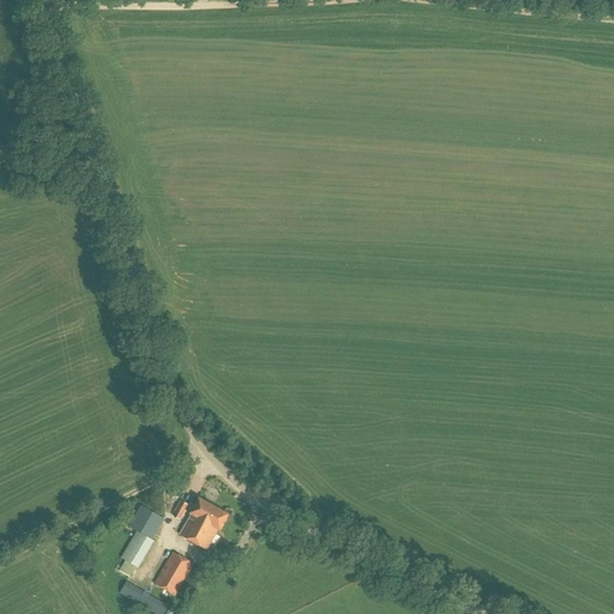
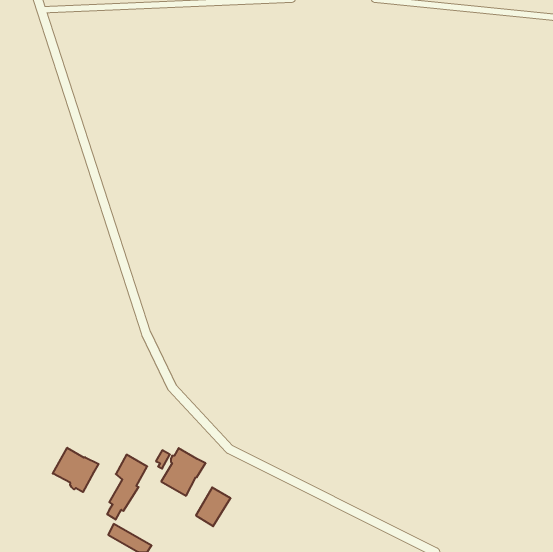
building: none -> [53,448,99,492]
building: [155,552,193,595] -> [196,487,231,526]

